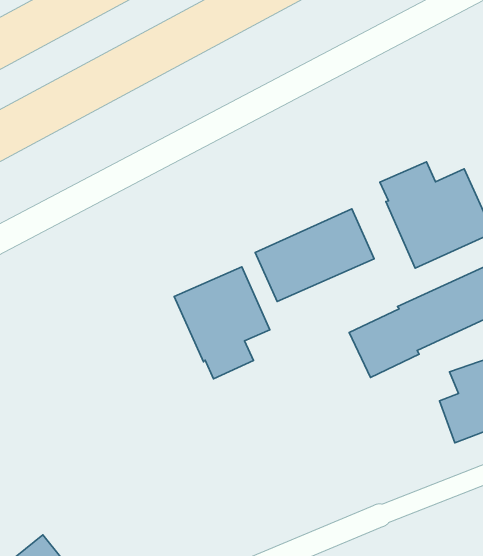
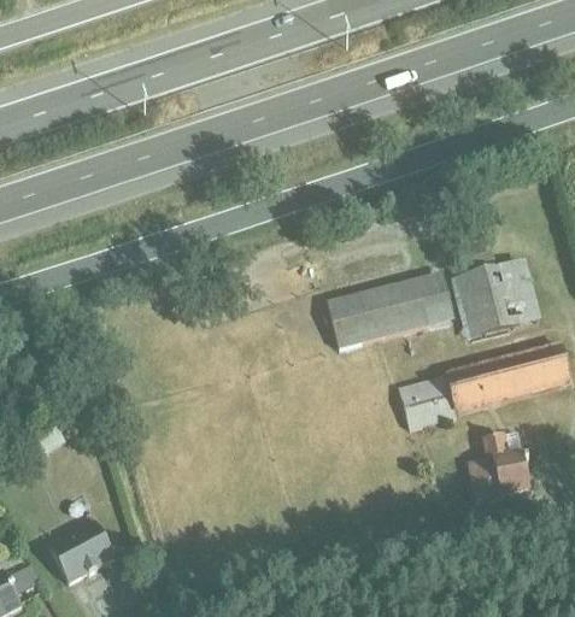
building: none -> [419,271,454,325]
building: [174,267,270,379] -> none

